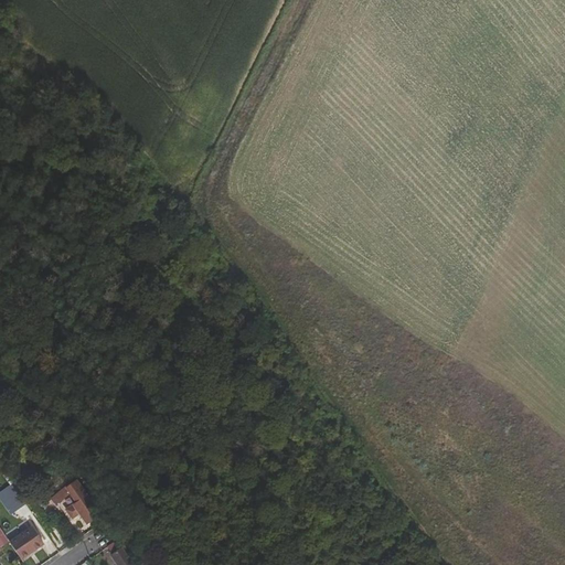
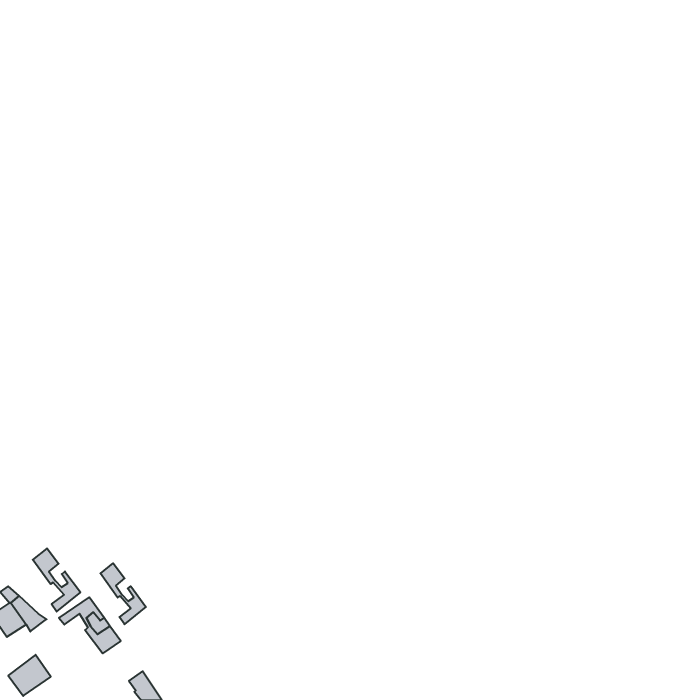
building: none -> [33,548,80,612]
building: none -> [100,563,146,624]

